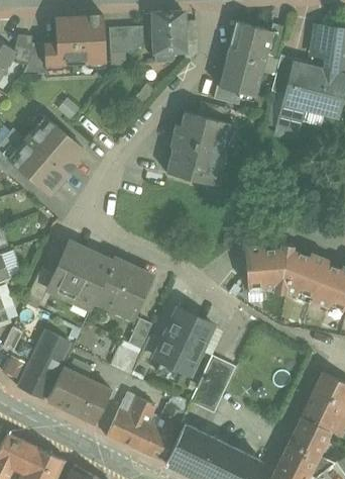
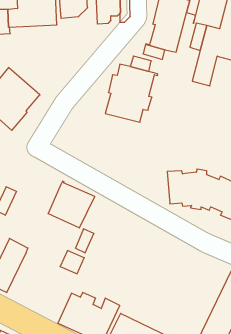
building: [52,243,110,307] -> none
building: [153,308,212,374] -> none
building: [190,357,235,413] -> none
building: [46,367,110,423] -> none

